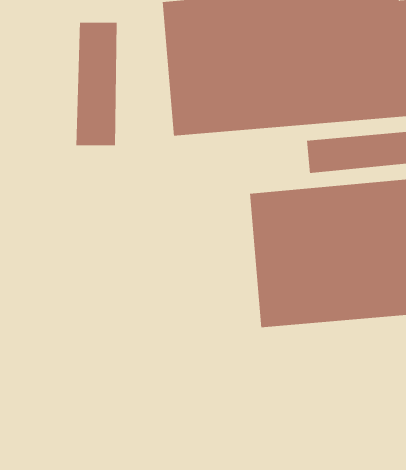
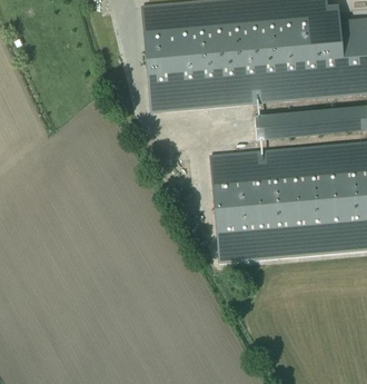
building: [76,22,117,146] -> none

